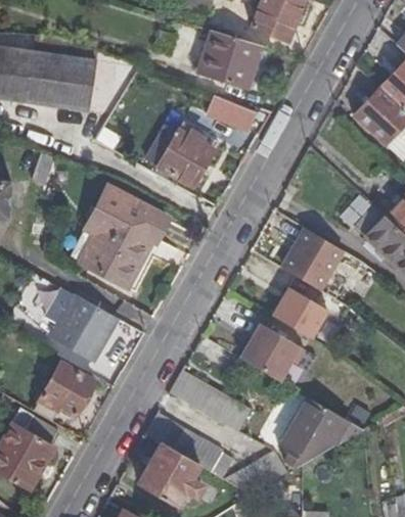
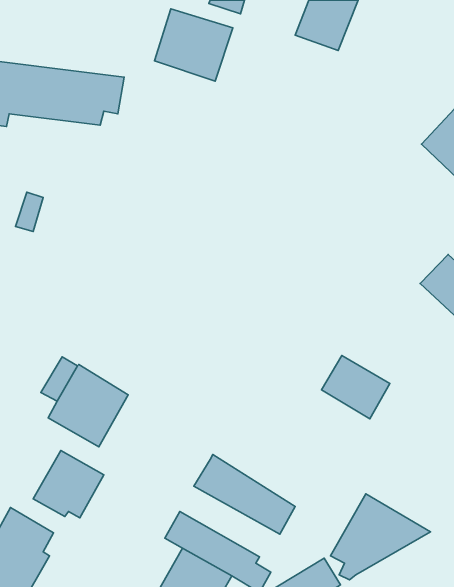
building: [196,31,260,89] -> [155,9,233,81]
building: [211,98,253,134] -> none
building: [147,127,214,188] -> none
building: [65,187,166,285] -> none
building: [284,228,344,290] -> none
building: [240,323,305,382] -> none

